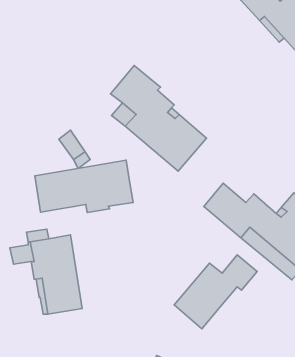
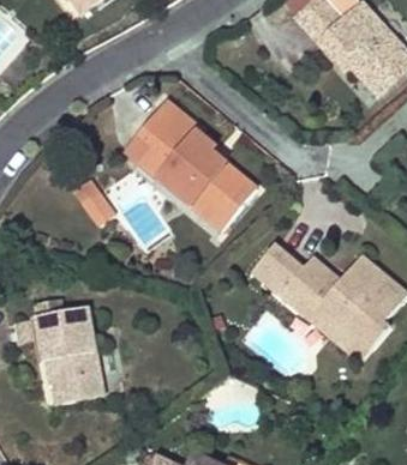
building: [35,160,133,213] -> none
building: [174,255,257,329] -> none

